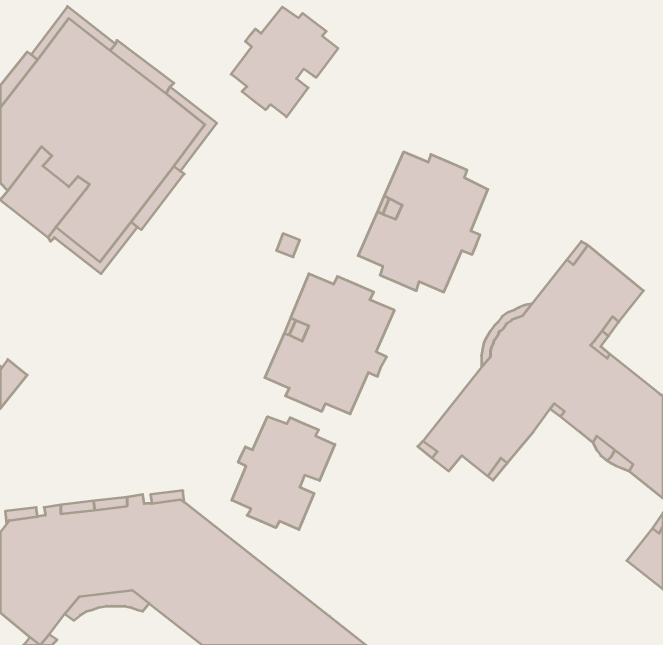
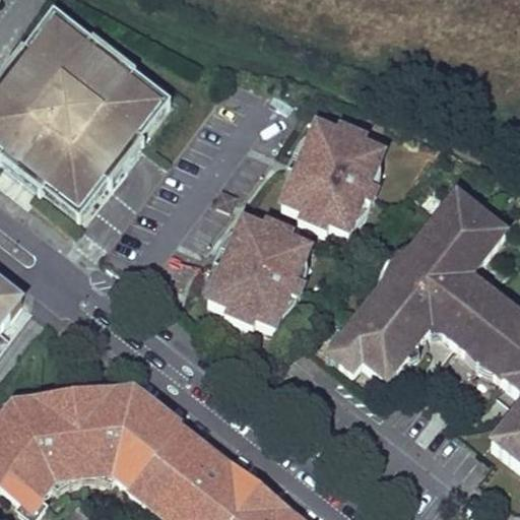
building: [231,7,338,117] -> none
building: [232,417,335,530] -> none

